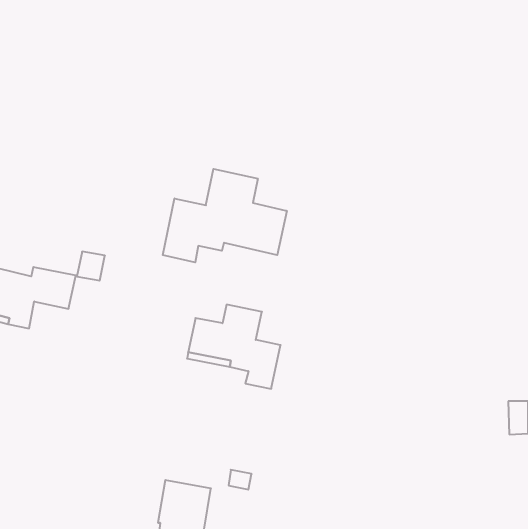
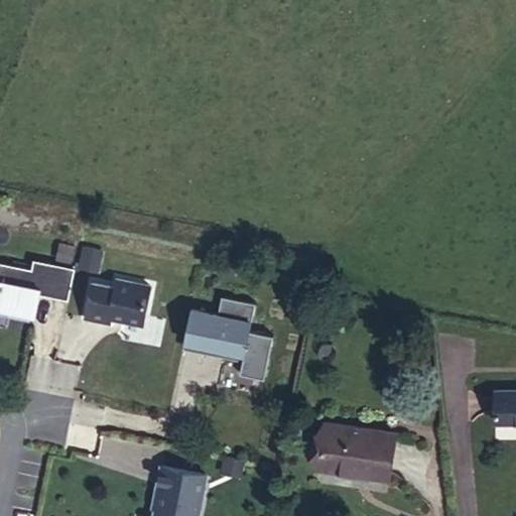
building: [163,169,287,262] -> none
building: none -> [84,280,148,326]
building: none -> [316,423,393,476]

